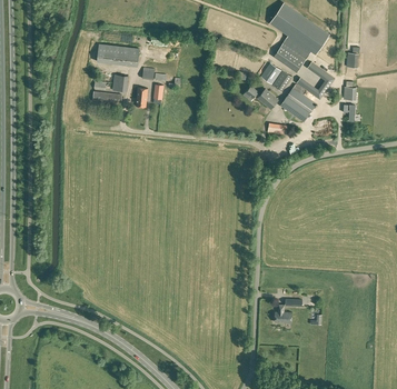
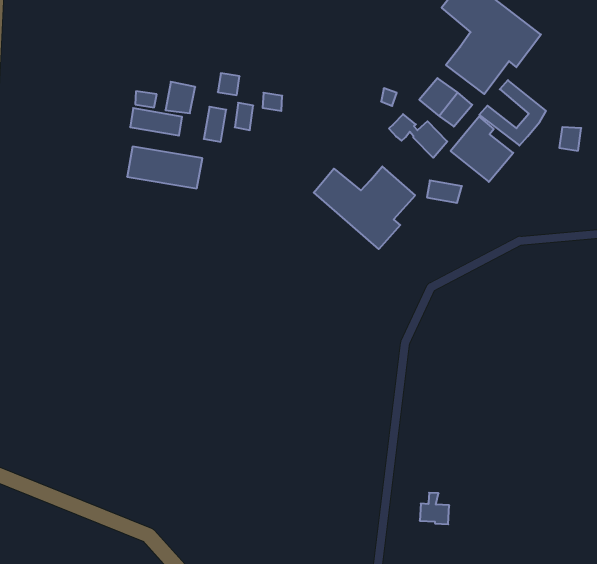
building: [96,43,139,66] -> [127,147,202,188]
building: none -> [314,166,415,249]

